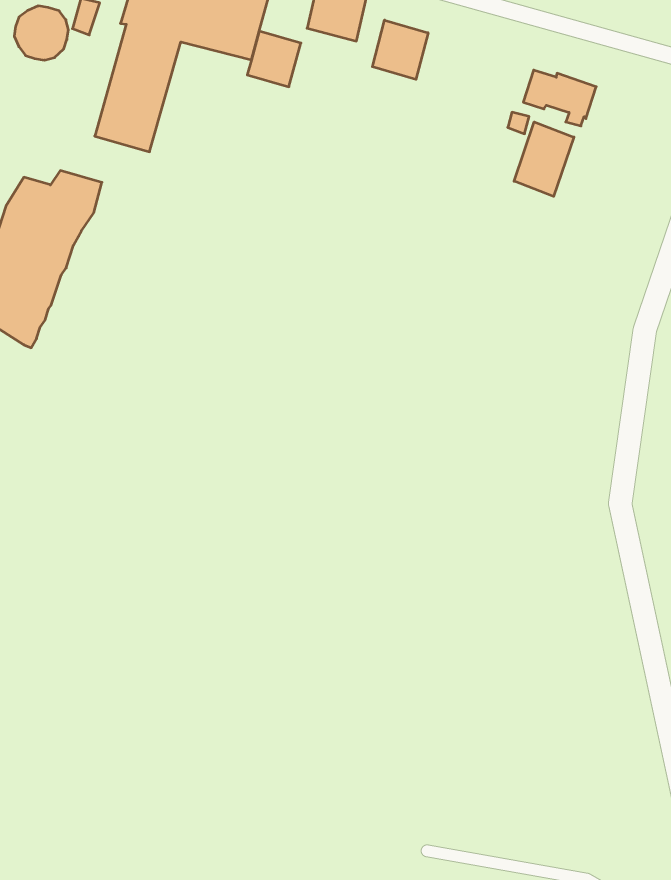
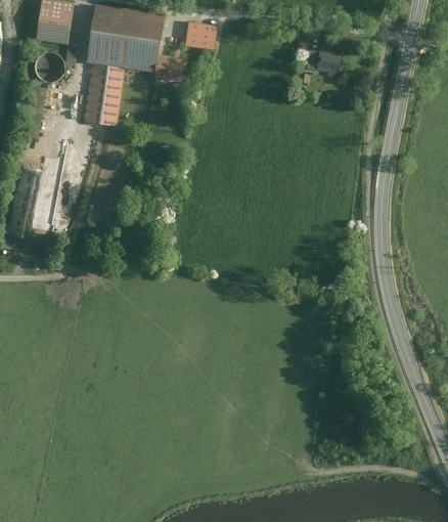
building: [372,20,428,79] -> none
building: [514,122,574,196] -> none

